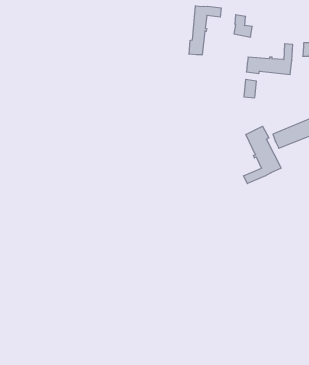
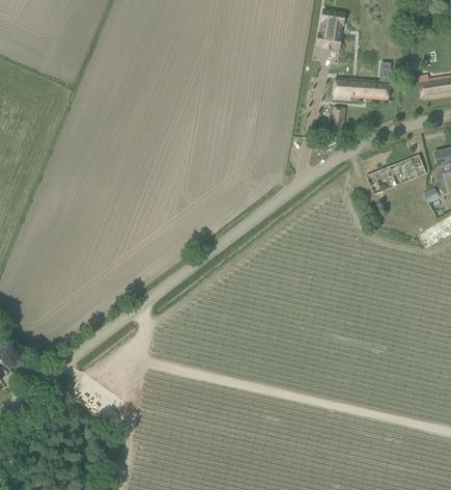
building: [189,6,221,55] -> none
building: [244,126,281,184] -> none

